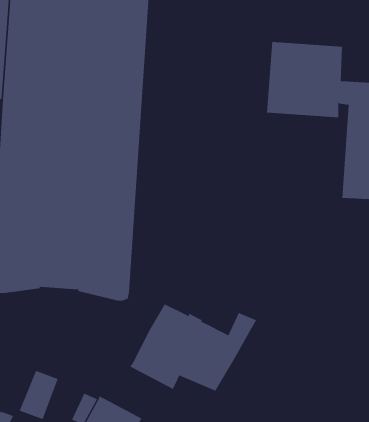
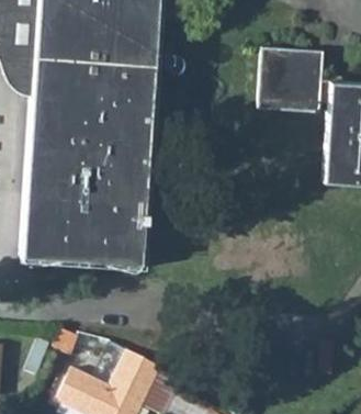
building: [129,303,257,392] -> none

